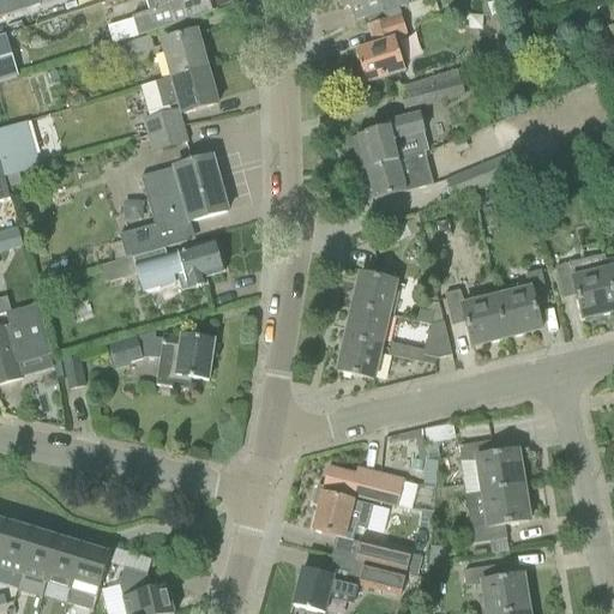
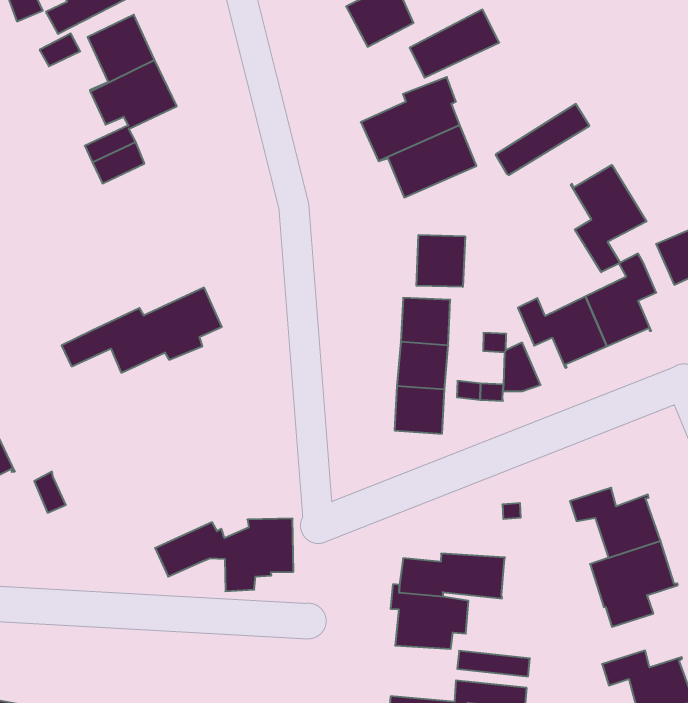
building: [120,154,227,257] -> none
building: none -> [571,165,646,272]
building: none -> [416,235,465,287]
building: [109,330,215,385] -> [155,519,293,591]

